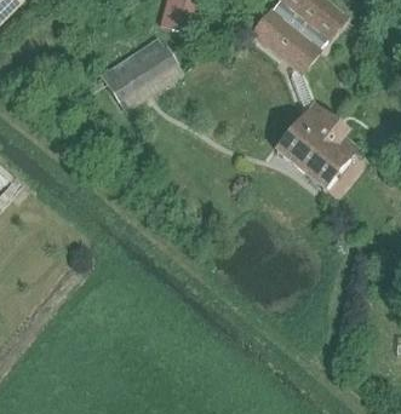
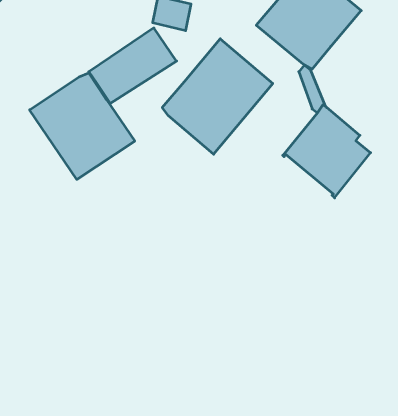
building: none -> [162,39,273,154]
building: none -> [30,73,135,179]

